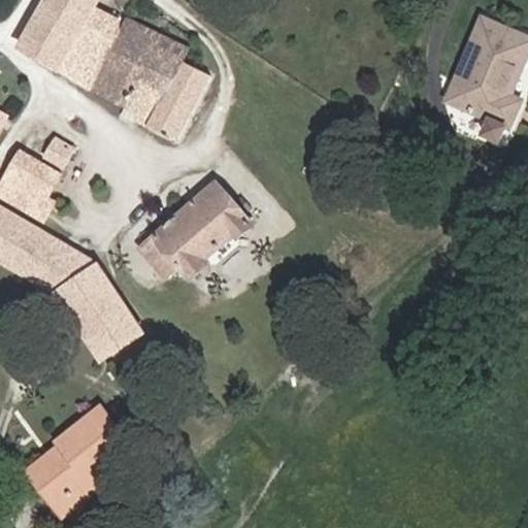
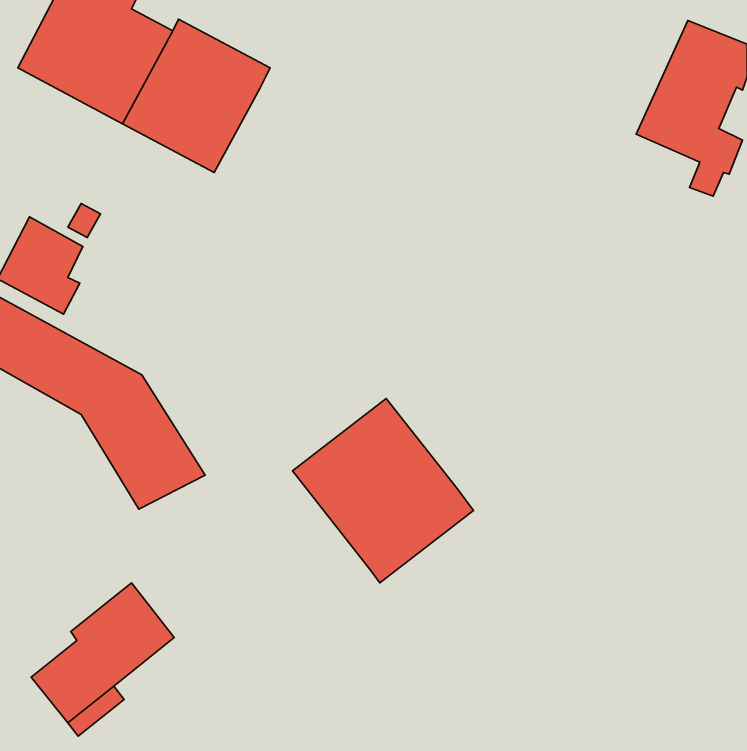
building: [145,62,209,142] -> none
building: [138,185,249,277] -> none
building: none -> [293,398,473,583]

